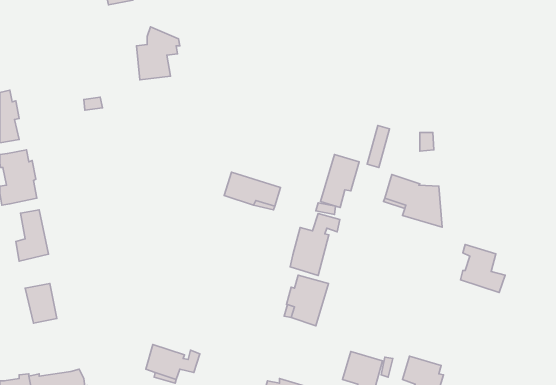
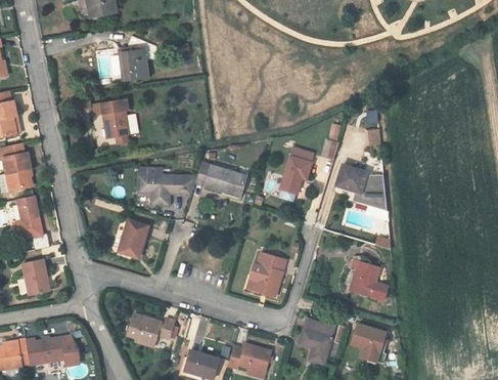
building: none -> [93,97,130,142]
building: none -> [139,173,196,204]
building: [290,213,340,276] -> none
building: none -> [119,219,149,257]
building: [461,245,505,293] -> [350,258,389,300]

